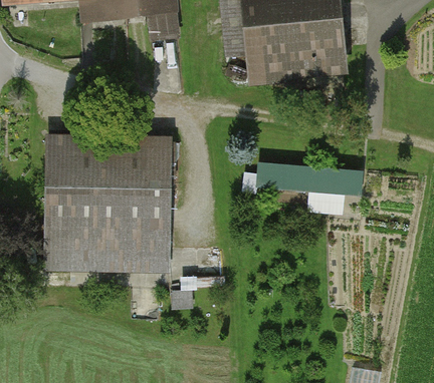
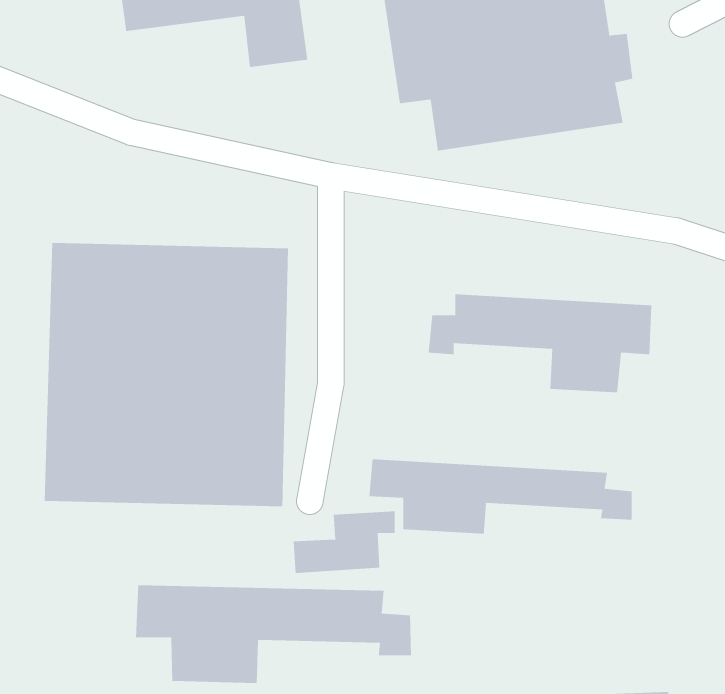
building: none -> [369,458,632,535]
building: none -> [135,584,411,684]

